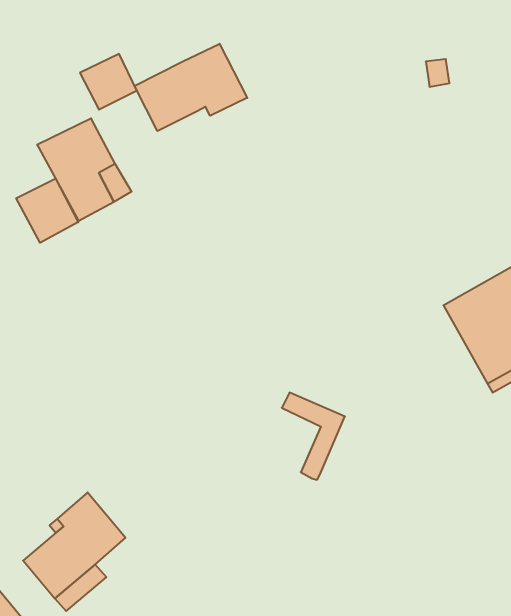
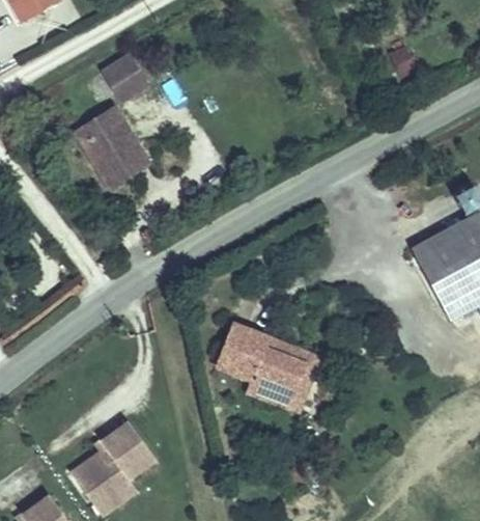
building: [134,44,247,131] -> none
building: [16,179,78,243] -> none
building: none -> [228,318,306,397]

